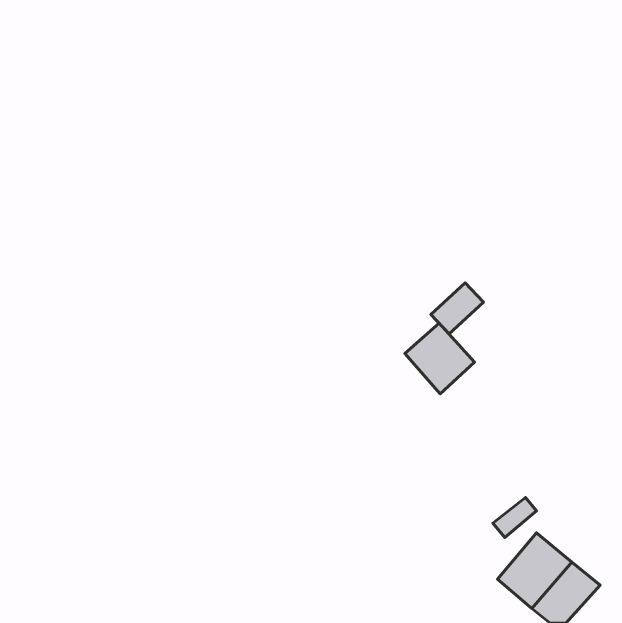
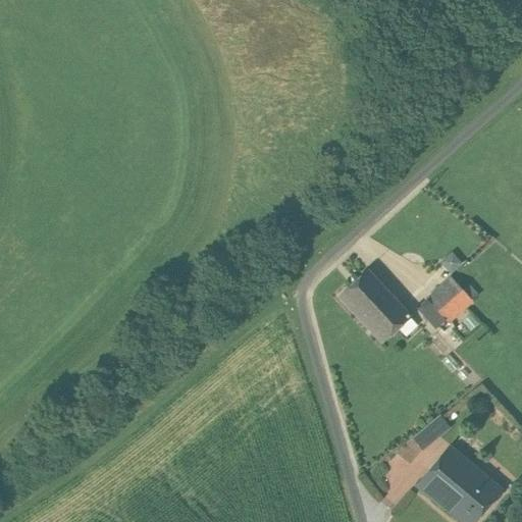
building: [431,283,483,334] -> [369,303,413,346]
building: none -> [427,277,472,322]

